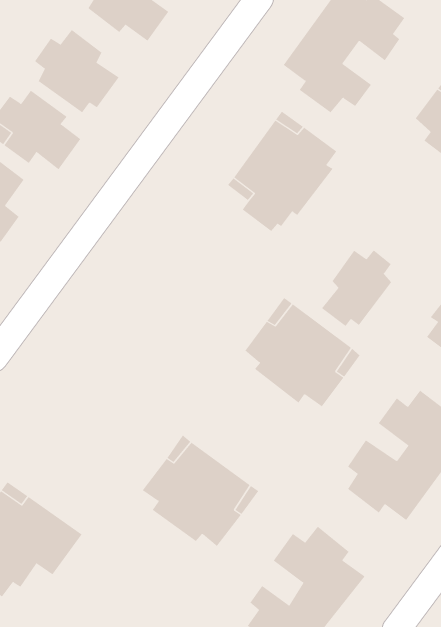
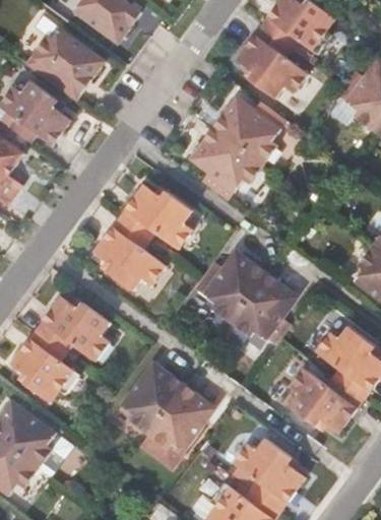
building: none -> [94,182,193,289]
building: [321,250,392,327] -> none
building: none -> [9,295,109,402]

